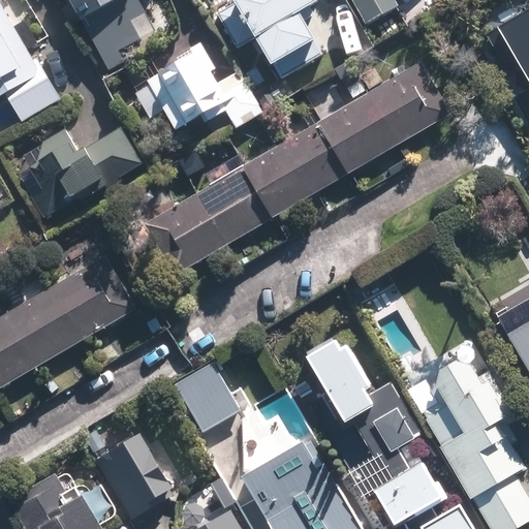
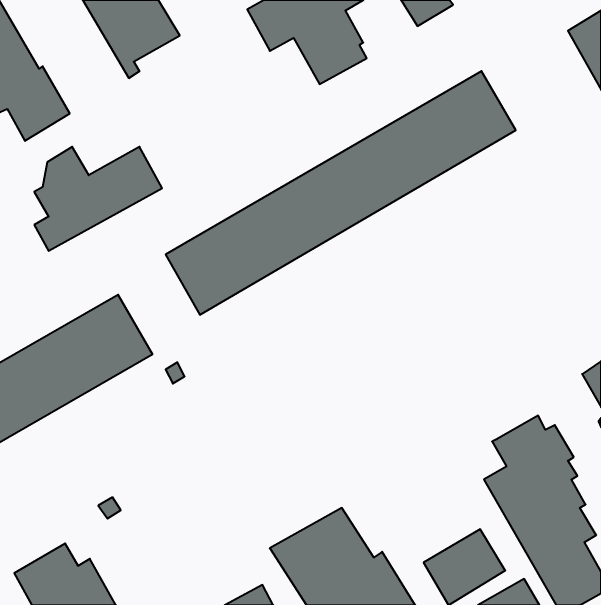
building: [146,51,259,130] -> none
building: [305,340,416,478] -> none
building: [169,361,238,432] -> none
building: [94,433,177,520] -> none

